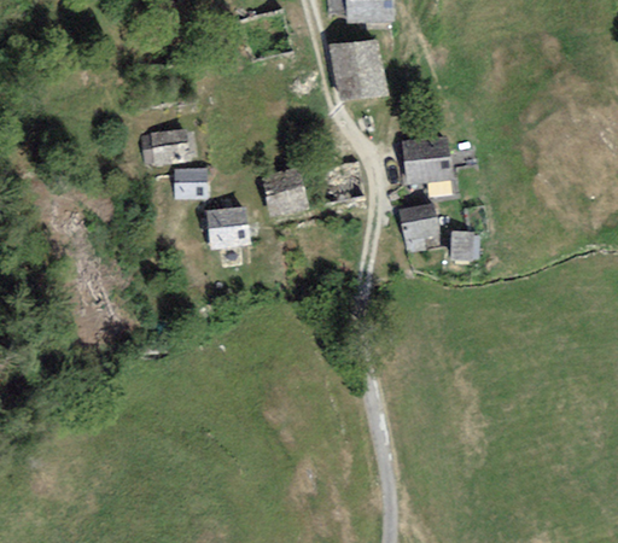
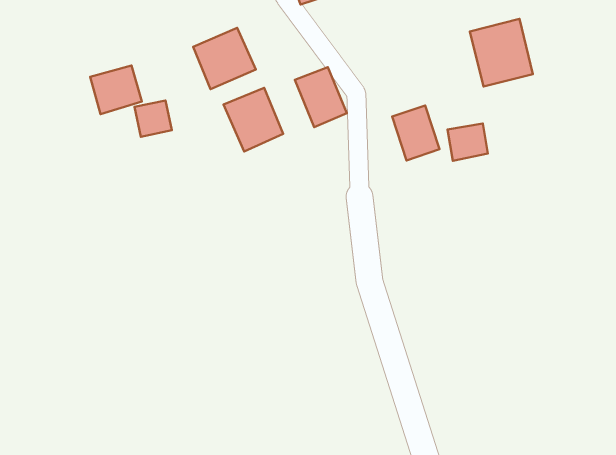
building: none -> [193,28,256,89]
building: [402,132,450,185] -> [470,19,533,87]
building: [204,206,250,249] -> none

